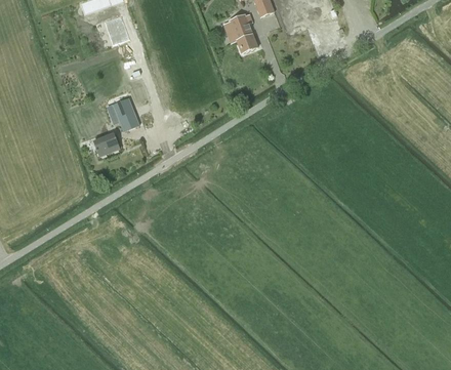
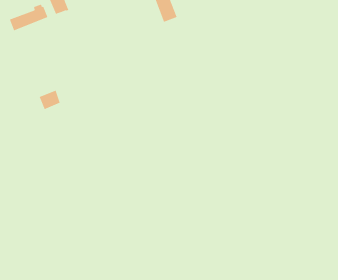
building: none -> [9,4,48,31]
building: [112,97,137,130] -> none

